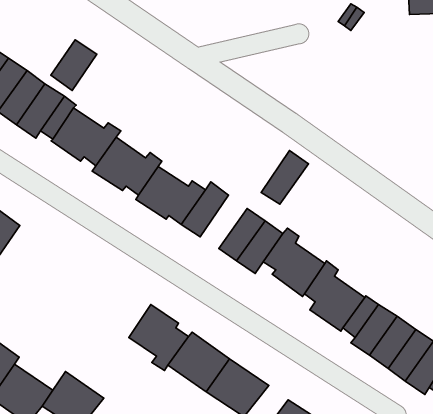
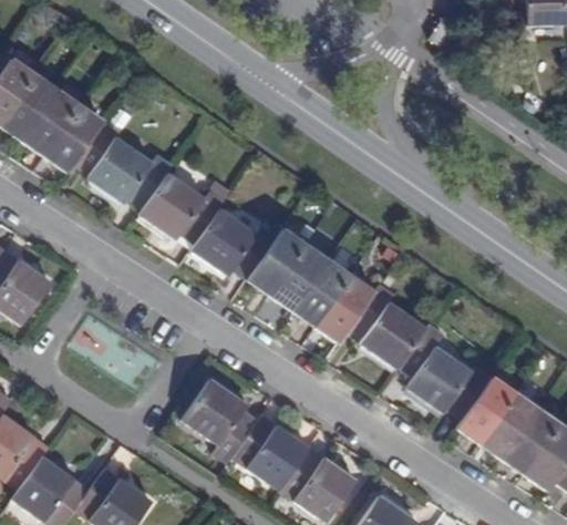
building: [51,40,97,90] -> none
building: [261,151,308,204] -> [271,245,330,311]

